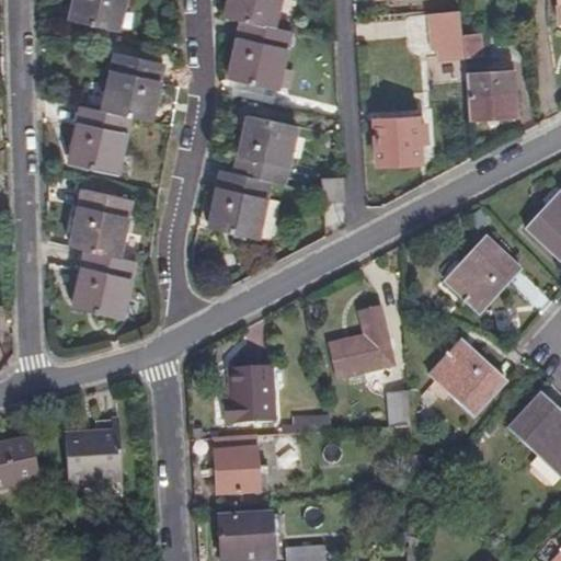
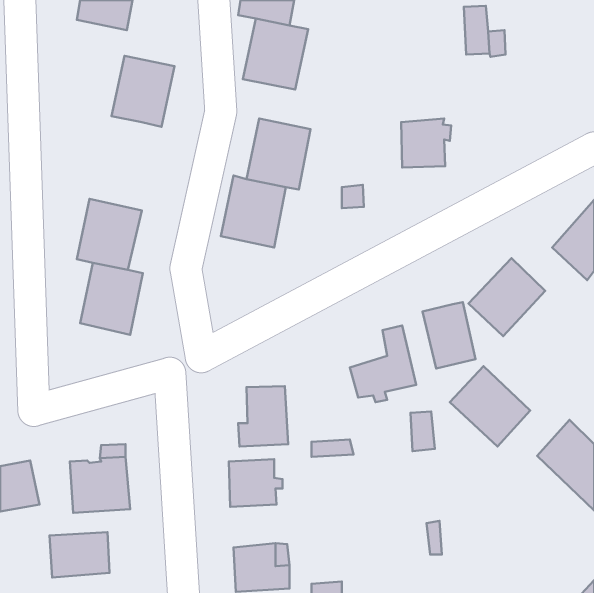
building: [465,69,514,116] -> none
building: [72,106,134,174] -> none
building: none -> [422,302,476,369]
building: none -> [49,532,109,577]

